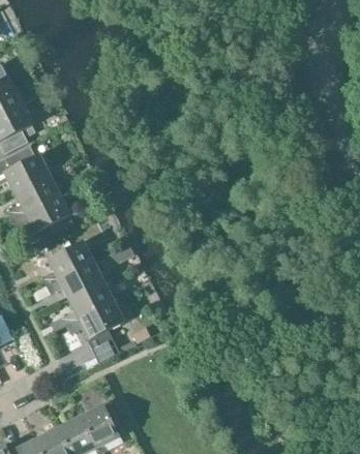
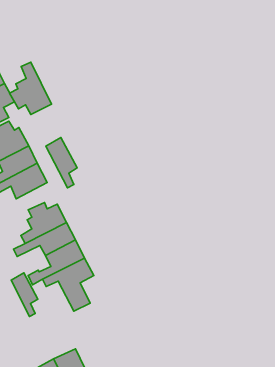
building: none -> [9,62,52,115]
building: none -> [46,138,77,188]
building: none -> [11,273,38,316]

